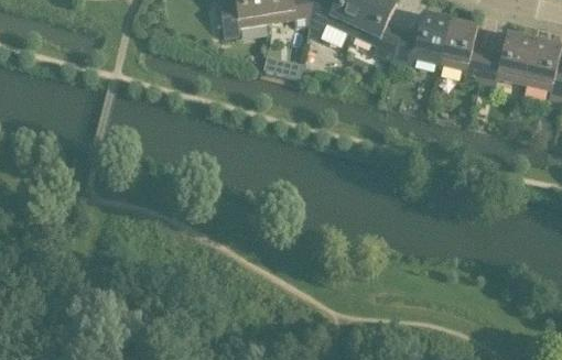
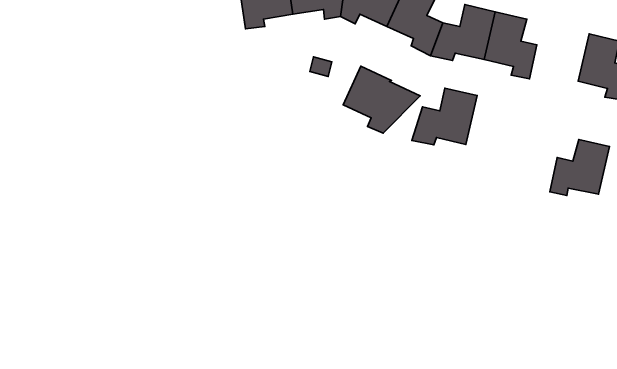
building: [479,31,533,81] -> [550,139,609,195]
building: none -> [343,66,420,133]
building: none -> [412,88,477,145]

